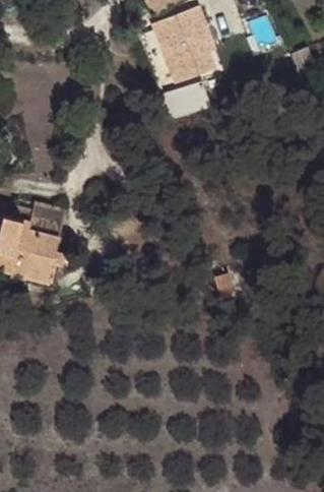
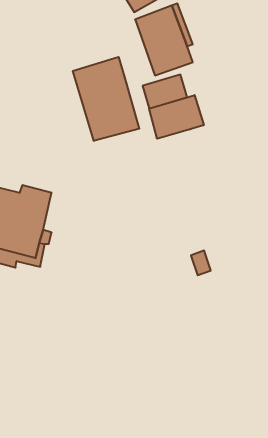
building: none -> [73,57,139,141]
building: none -> [149,95,204,139]

